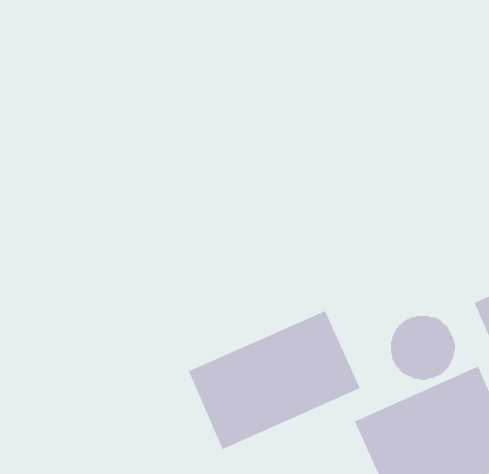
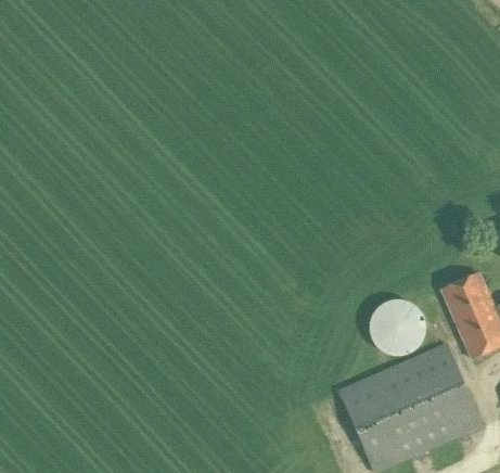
building: [188,310,361,450] -> none

